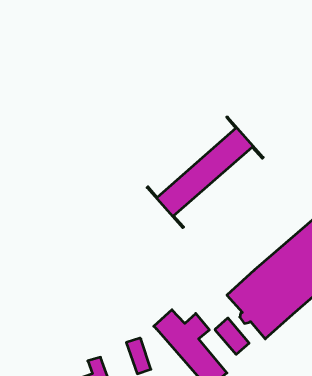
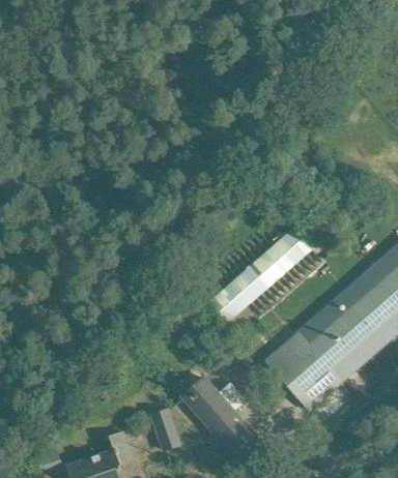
building: [147,117,263,228] -> [190,214,321,339]
building: [215,318,249,354] -> none

